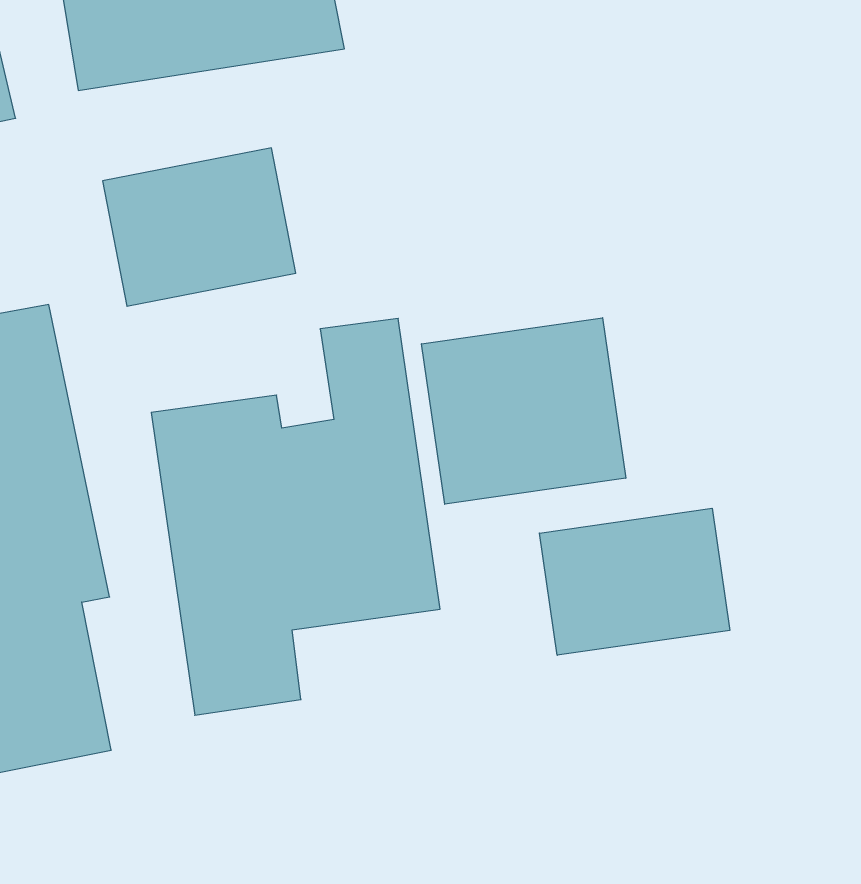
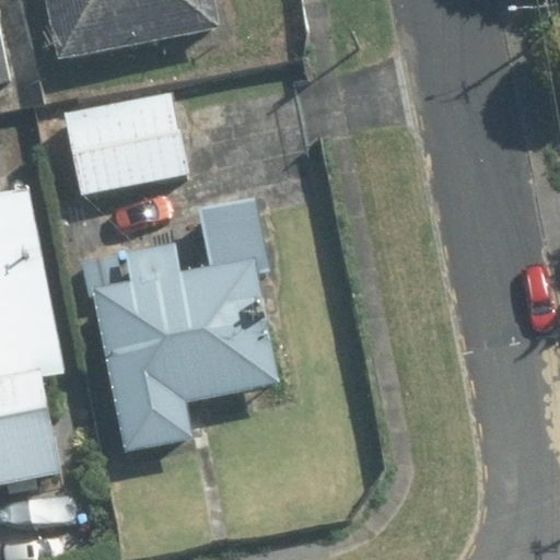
building: [422,318,626,504] -> none
building: [539,508,730,655] -> none

